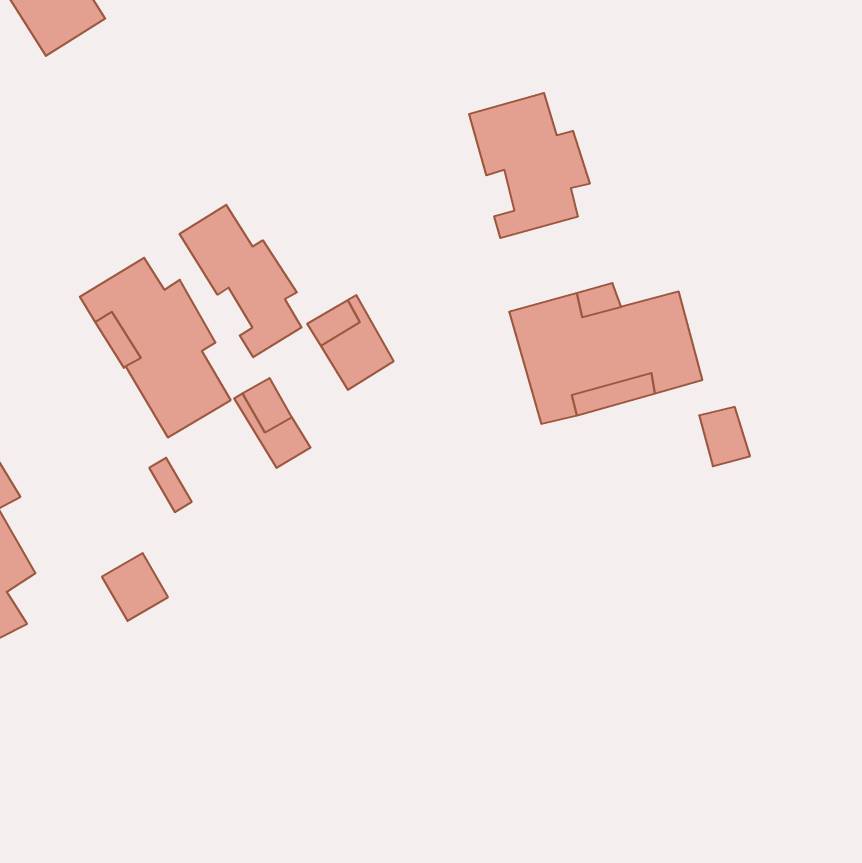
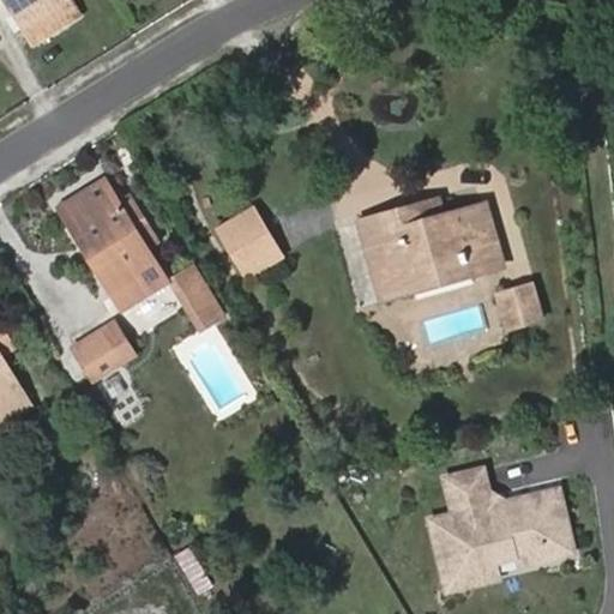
building: [469,93,590,238] -> none
building: [180,205,302,357] -> none
building: [102,553,168,621] -> [77,331,124,379]
building: none -> [431,459,582,589]

